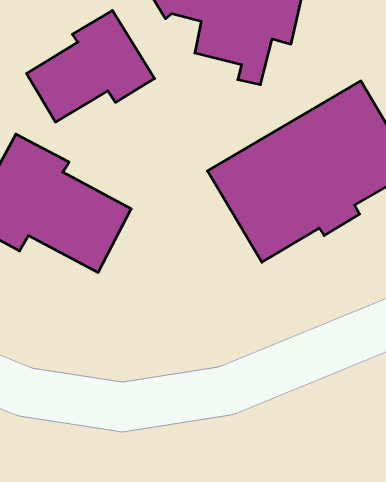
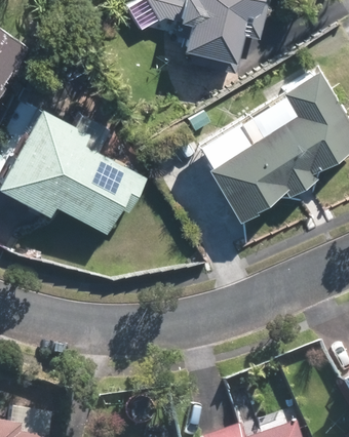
building: [27,10,155,122] -> none

